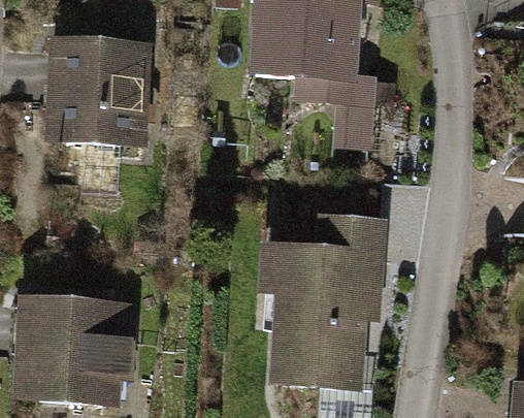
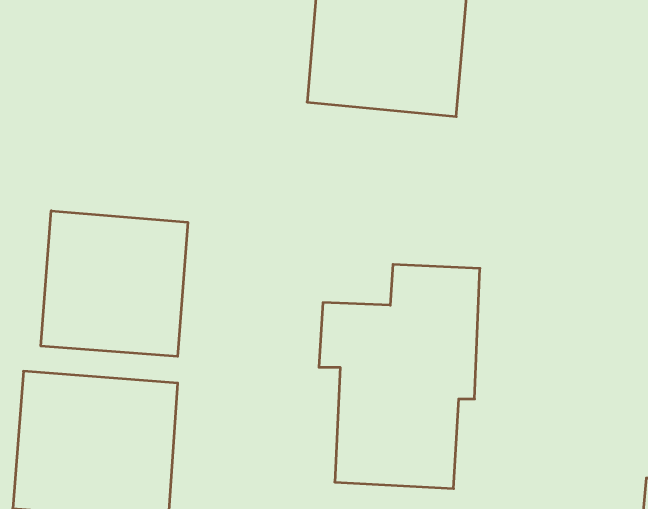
building: [48,38,166,147] -> none
building: none -> [41,211,188,356]

